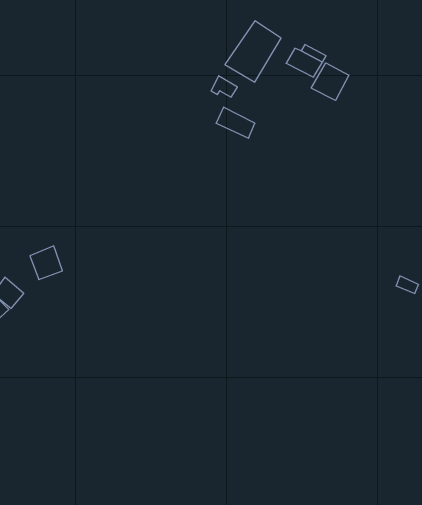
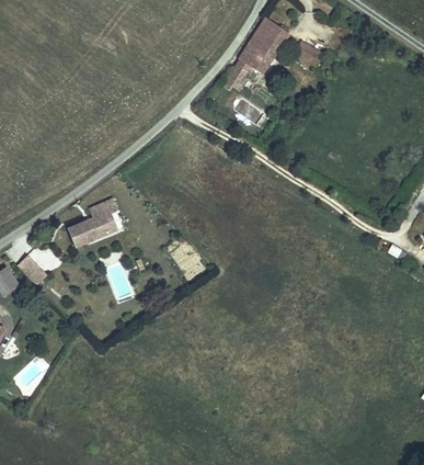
building: [311,63,349,100] -> none
building: none -> [89,196,126,237]

